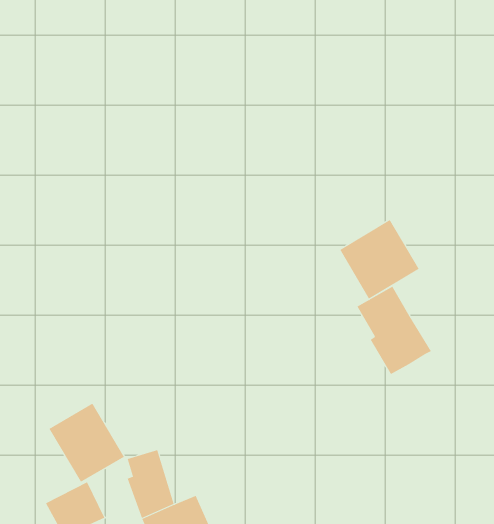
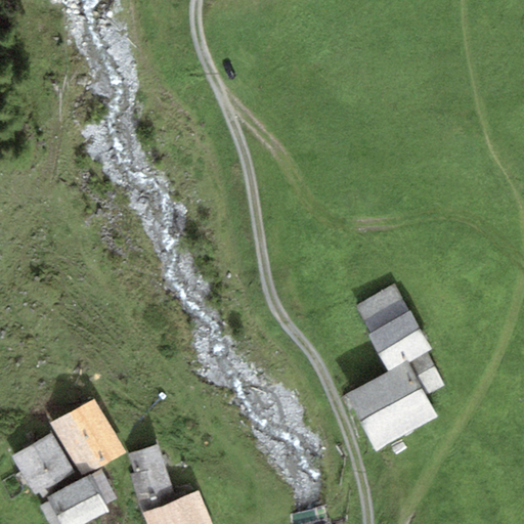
building: [339,219,419,300] -> none
building: none -> [345,351,443,449]
building: none -> [12,434,74,496]

